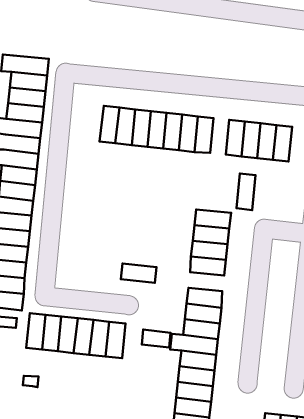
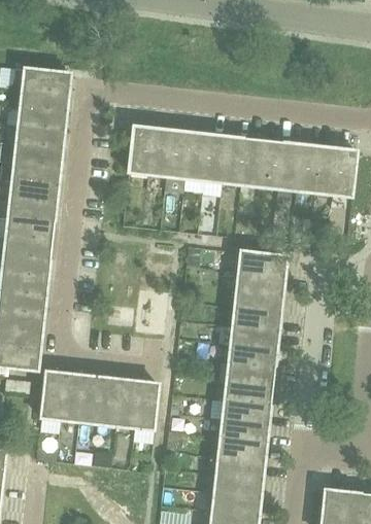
building: [236,174,256,210] -> [260,143,282,186]
building: [121,264,157,283] -> [234,325,276,348]
building: [142,330,171,348] -> none

